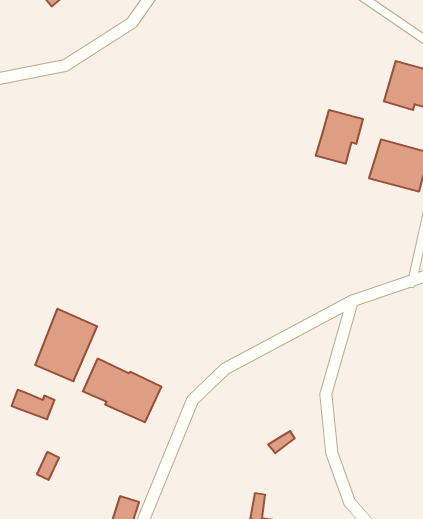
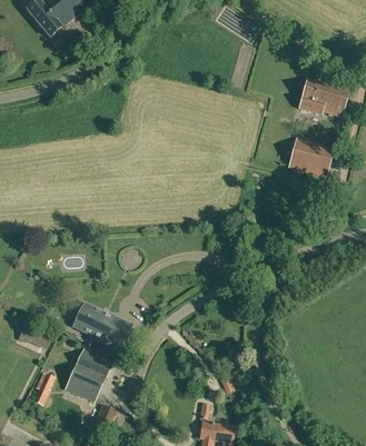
building: [316,110,363,164] -> none
building: [35,309,97,381] -> [66,347,112,402]

